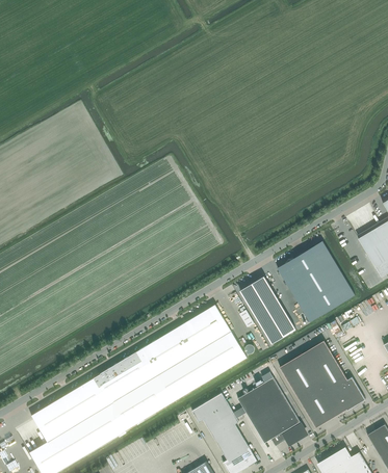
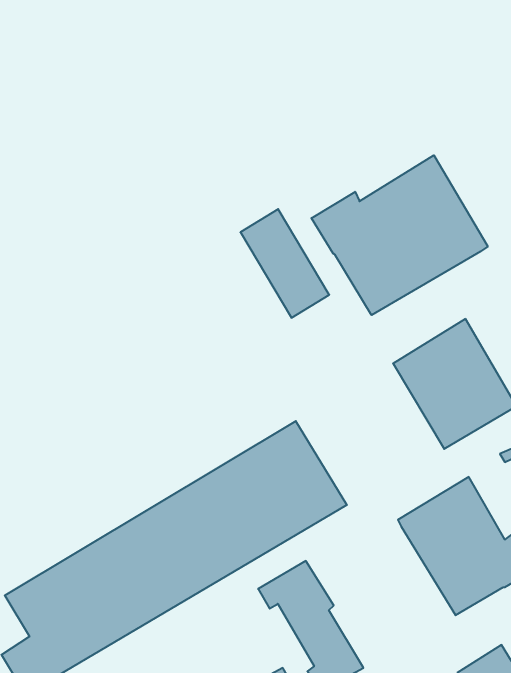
building: none -> [311,155,488,315]
building: [231,281,287,349] -> [240,209,329,318]
building: [238,377,306,443] -> none

